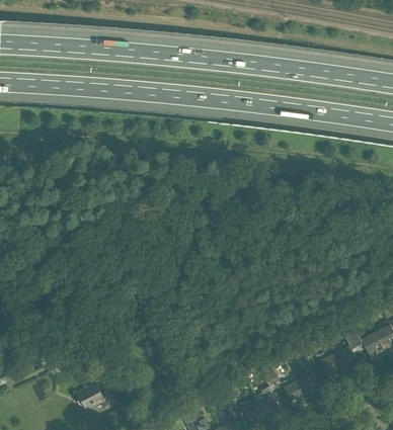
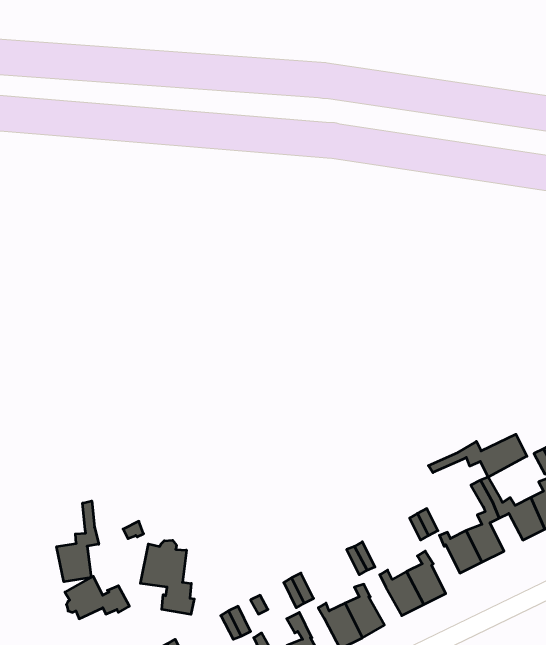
building: none -> [428,434,527,477]
building: none -> [57,501,99,582]
building: none -> [140,540,194,614]

